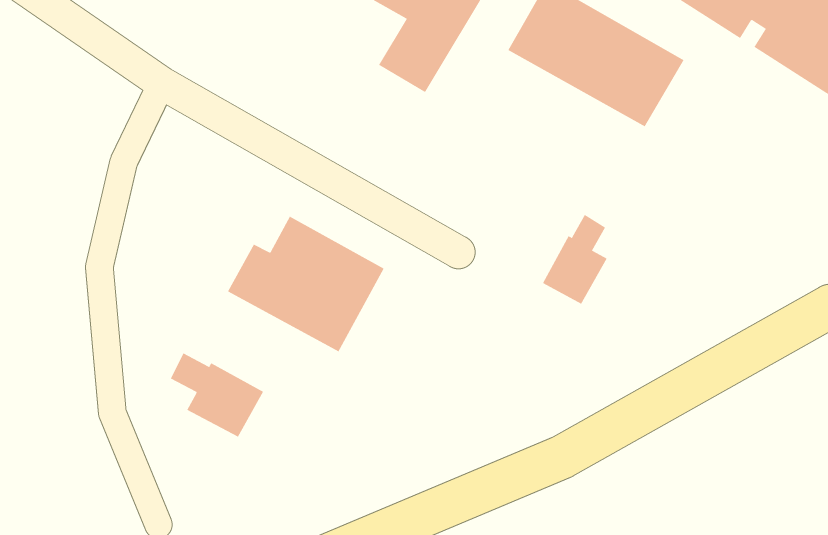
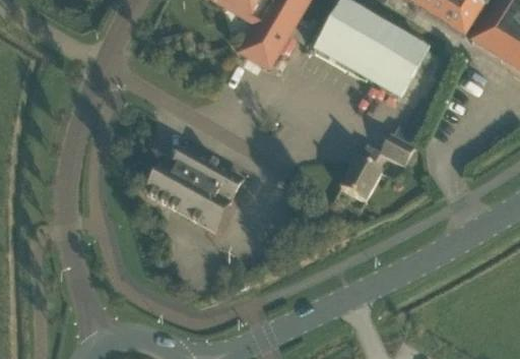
building: none -> [380,133,414,165]
building: [170,352,264,437] -> none

